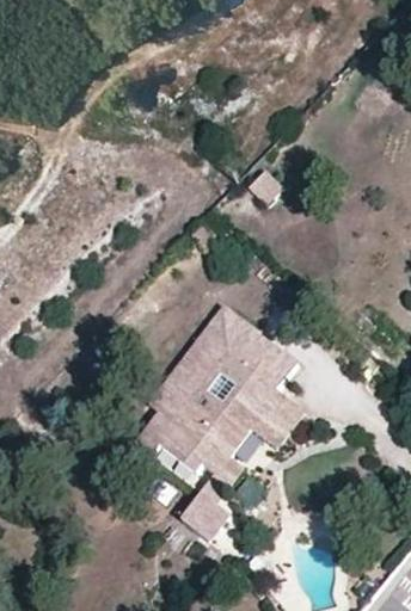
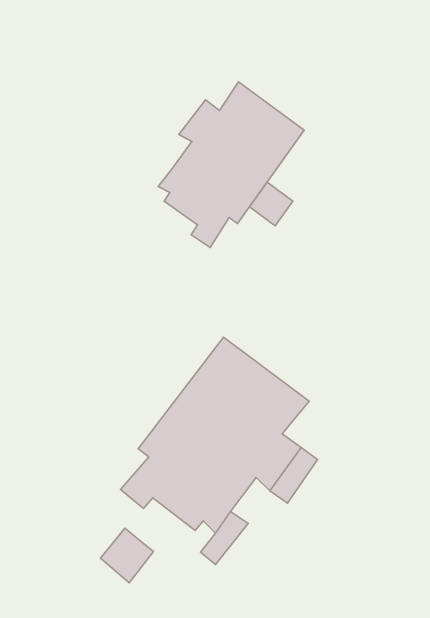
building: none -> [158,82,304,247]
building: [182,492,228,539] -> [100,528,153,583]

